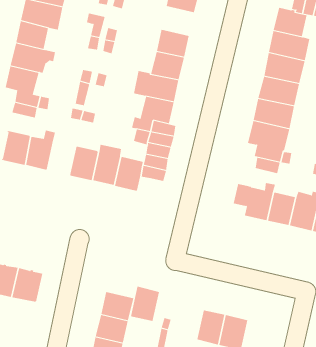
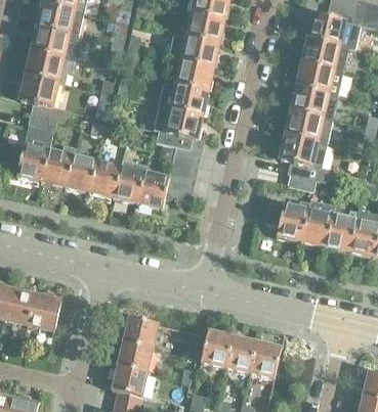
building: none -> [187,12,223,44]
building: none -> [66,155,96,193]
building: [130,286,160,321] -> [201,330,233,368]

